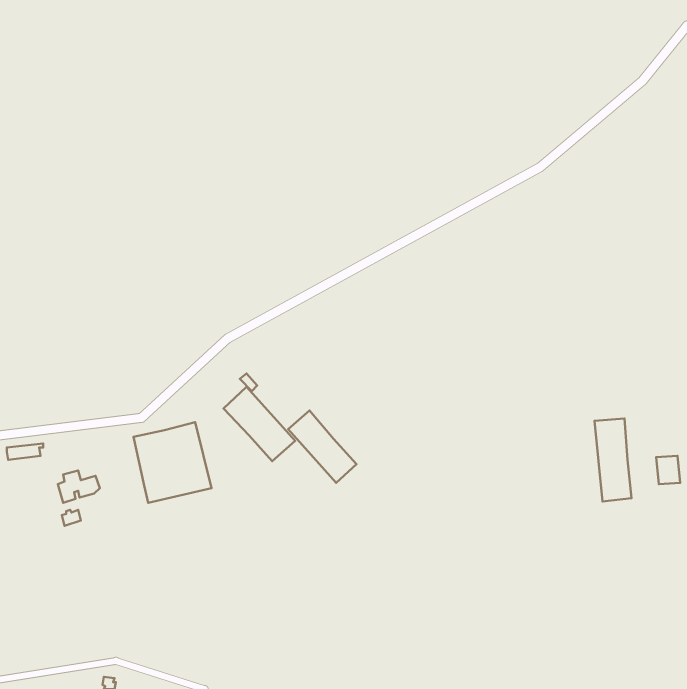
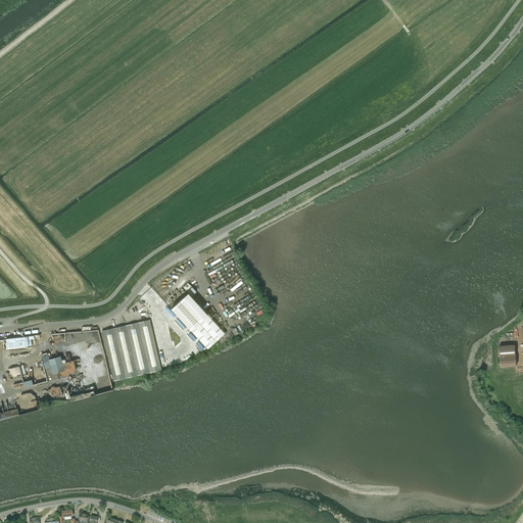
building: [288,411,357,483] -> none
building: [594,419,632,501] -> none

